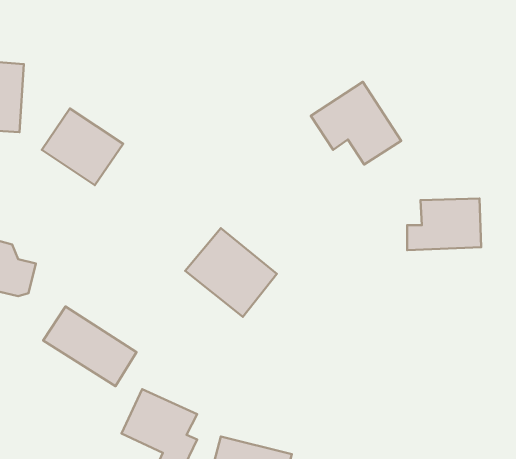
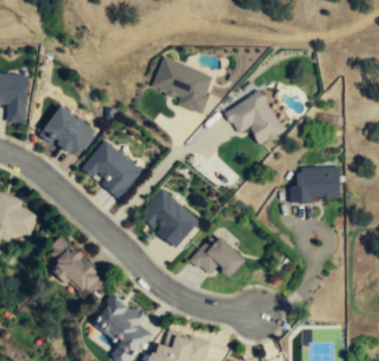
building: none -> [151,55,217,113]
building: none -> [85,143,144,199]
building: none -> [190,231,246,279]

